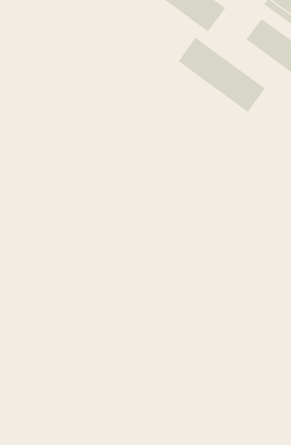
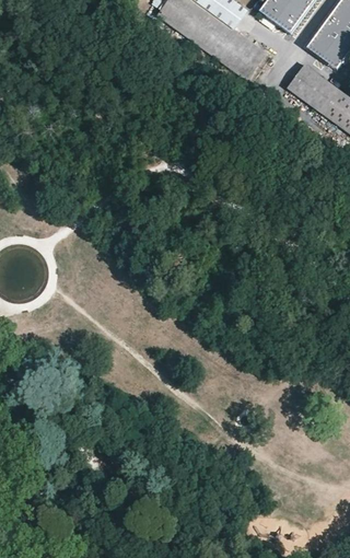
building: [178,37,265,113] -> none

